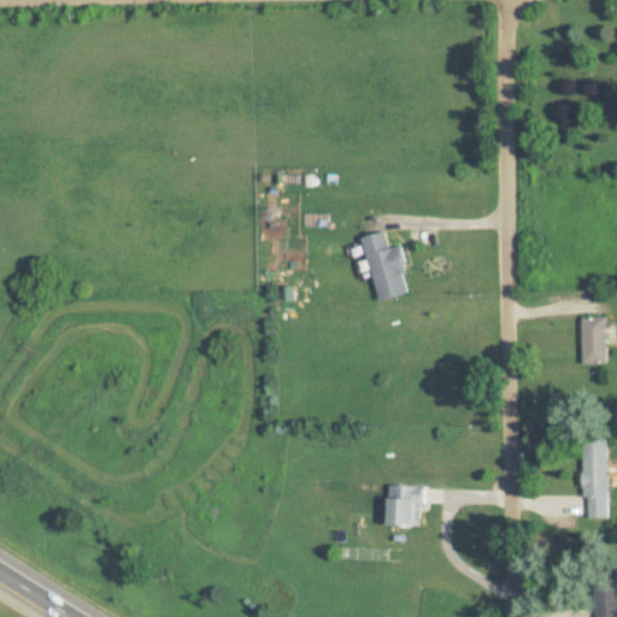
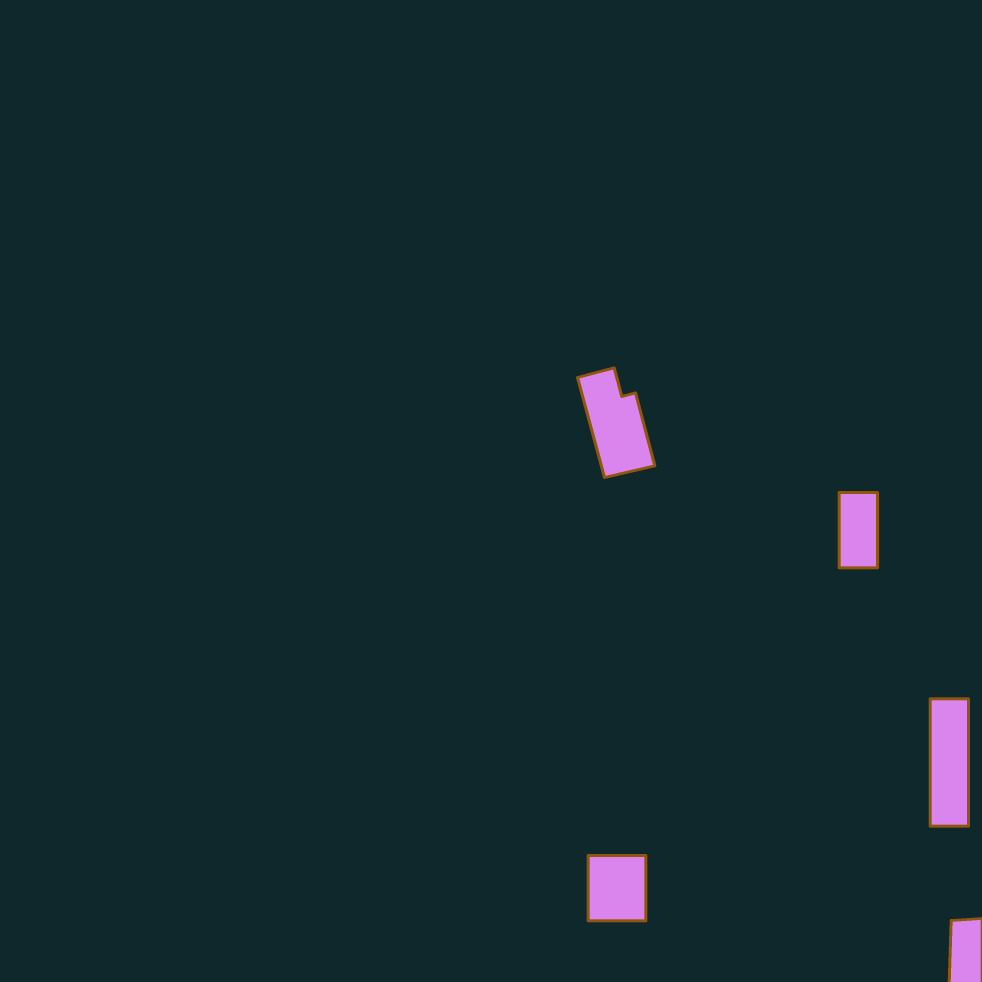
building: [582,318,606,365] -> [839,493,878,568]
building: [387,486,423,527] -> [588,856,646,921]

